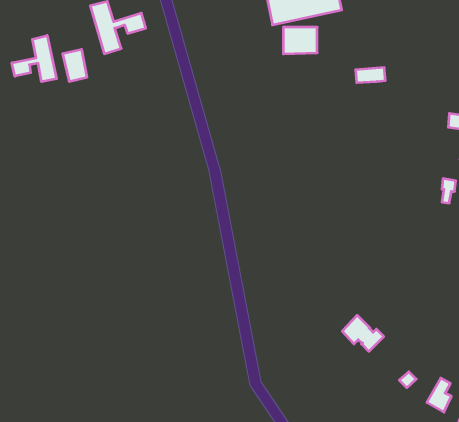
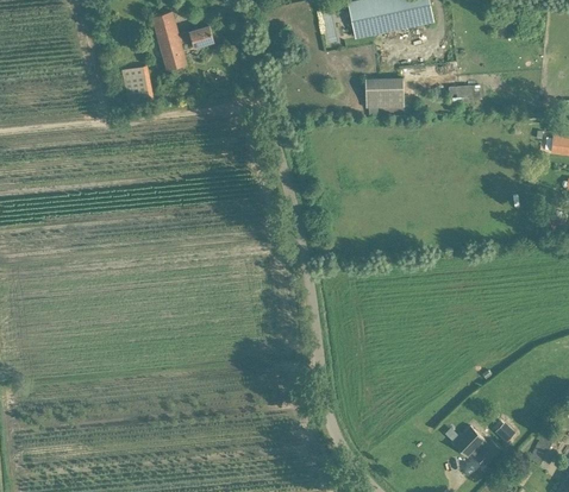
building: [283,27,317,54] -> [365,80,404,109]
building: [12,35,57,82] -> none
building: [342,315,384,351] -> [454,425,500,466]

